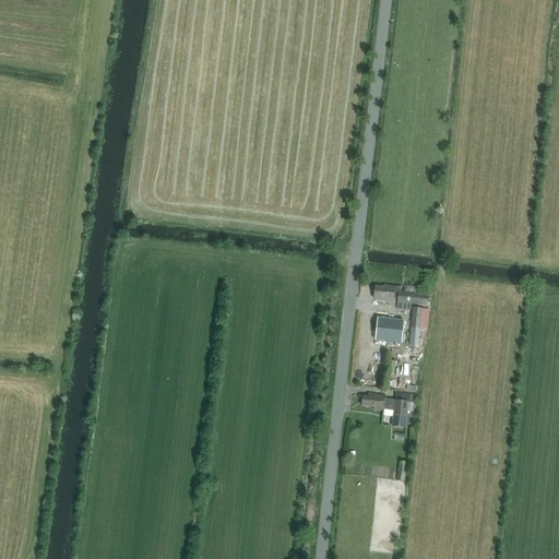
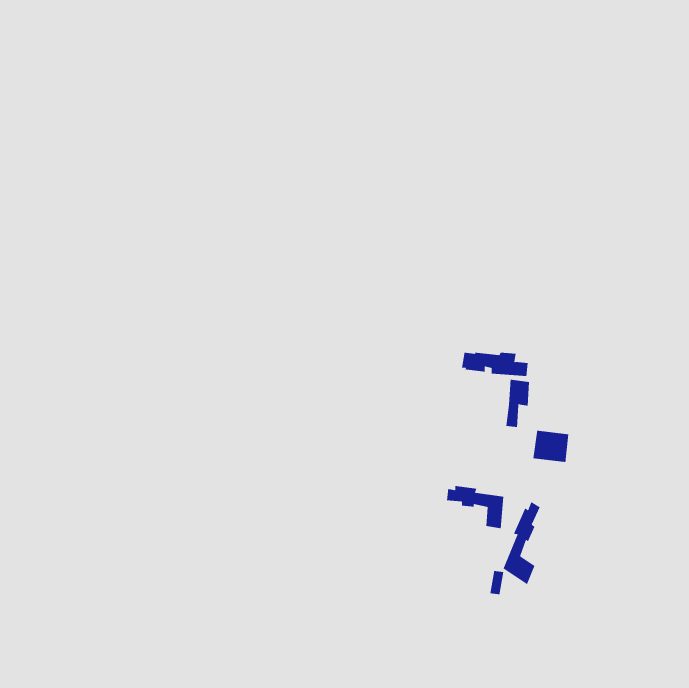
building: [374,317,404,343] -> [533,430,569,463]
building: none -> [503,501,540,585]

